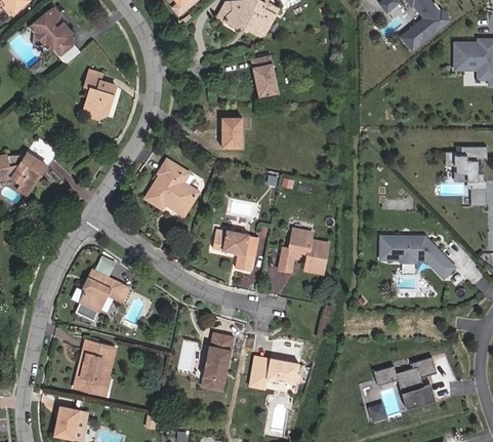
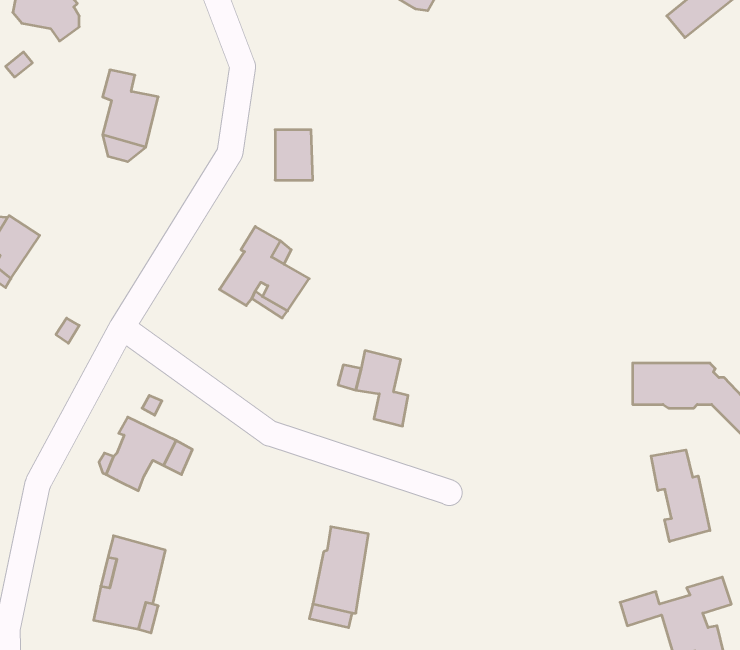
building: [252,53,278,95] -> none
building: [219,118,241,147] -> [275,130,313,180]
building: [280,228,329,273] -> none
building: none -> [651,450,710,542]
building: [249,355,300,386] -> none

